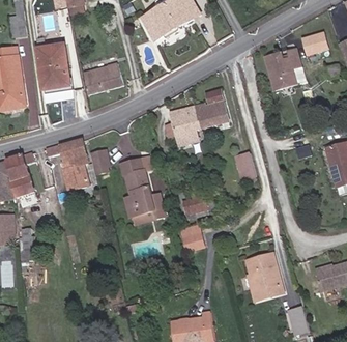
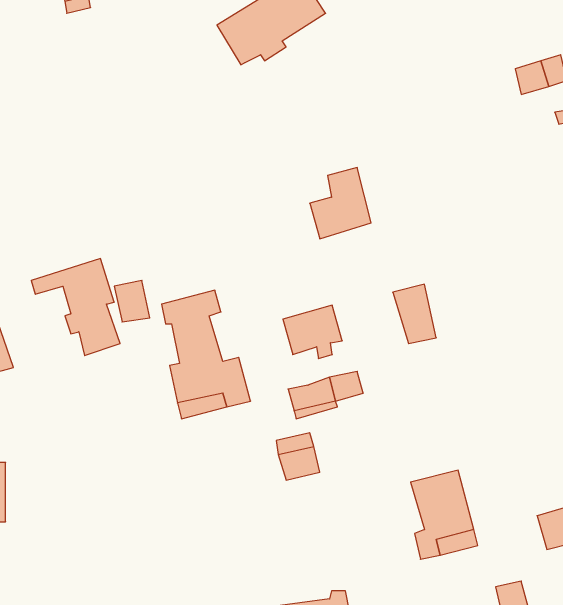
building: [38,45,75,92] -> none
building: [265,48,303,91] -> none
building: [85,61,125,95] -> none
building: [167,109,198,137] -> [283,305,342,359]

